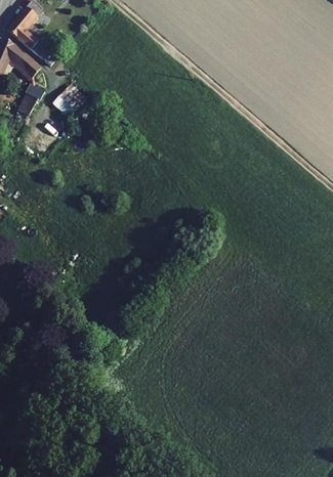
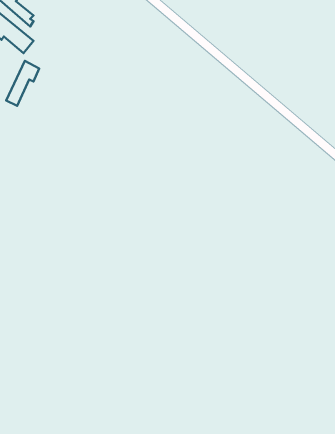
building: [52,82,82,112] -> none

